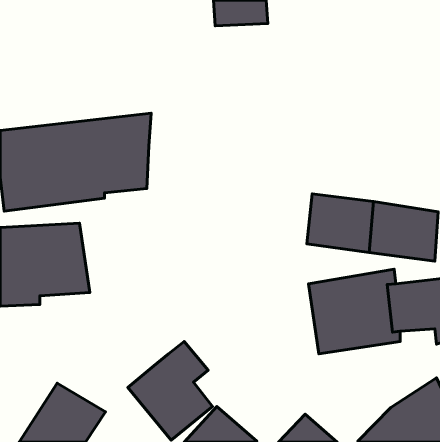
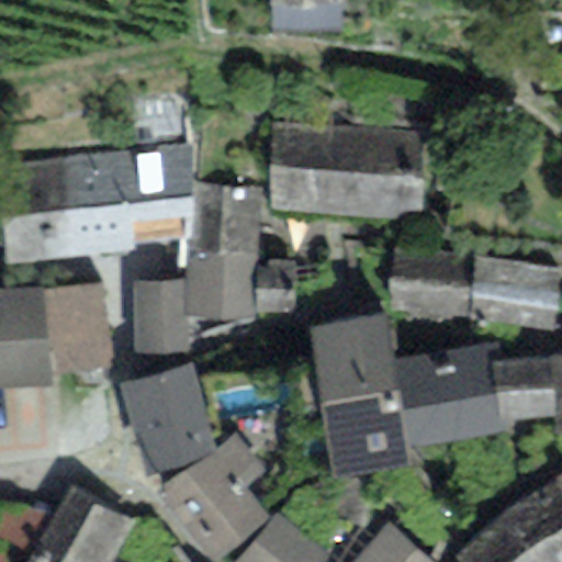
building: none -> [269,123,426,218]
building: none -> [135,186,258,355]
building: none -> [308,315,409,477]
building: none -> [120,362,216,476]

